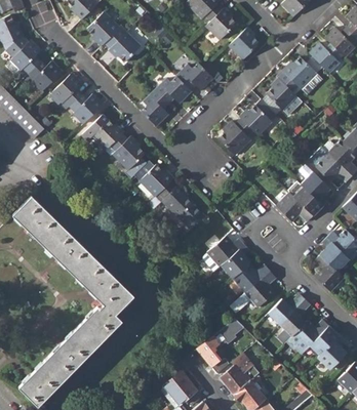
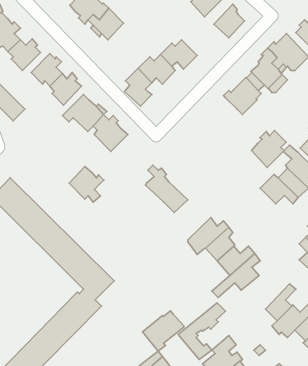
building: [220,118,253,154] -> [252,131,286,167]
building: [142,166,175,201] -> [69,166,104,202]
building: [269,294,305,324] -> none
building: none -> [143,311,184,351]

